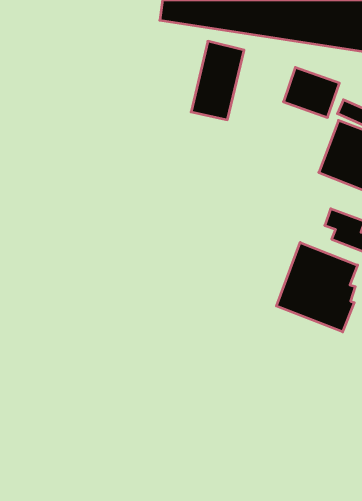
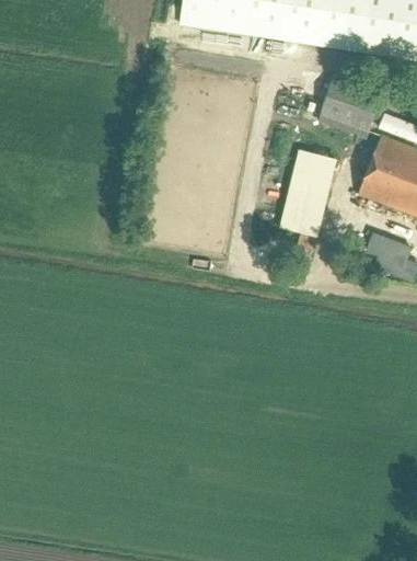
building: [191,41,244,120] -> [280,148,339,236]
building: [276,242,358,332] -> none

